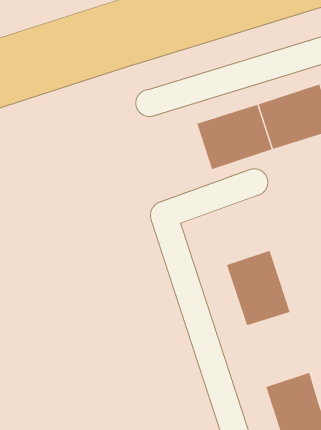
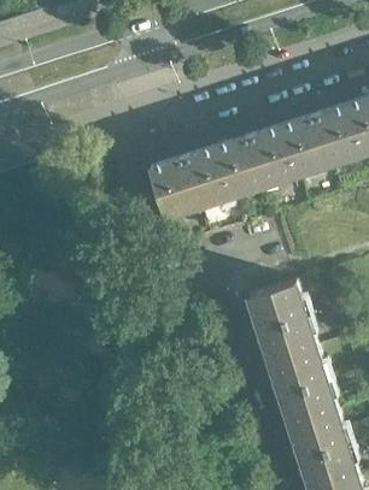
building: none -> [145,146,228,217]
building: none -> [265,347,333,426]

